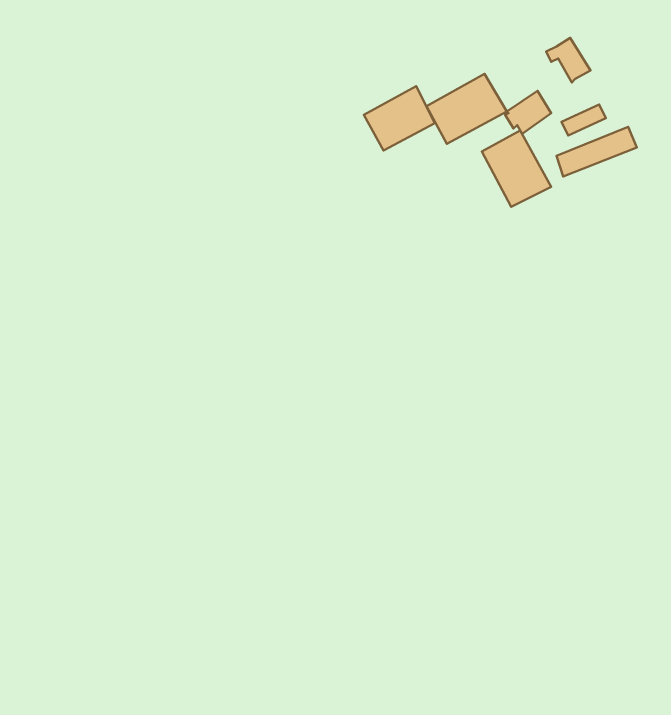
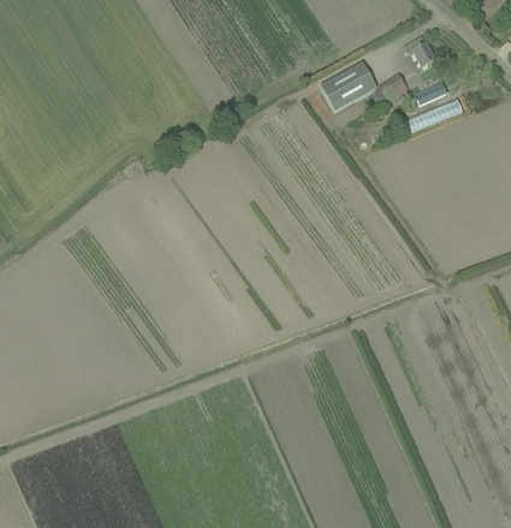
building: [364,86,435,151] -> none
building: [482,130,551,207] -> none

